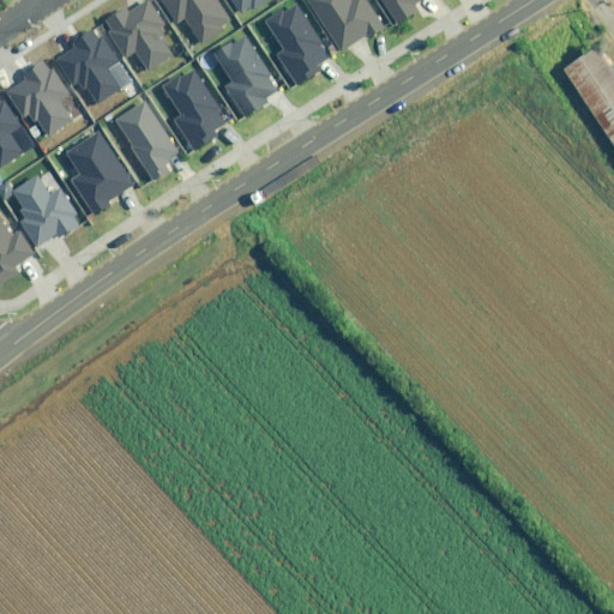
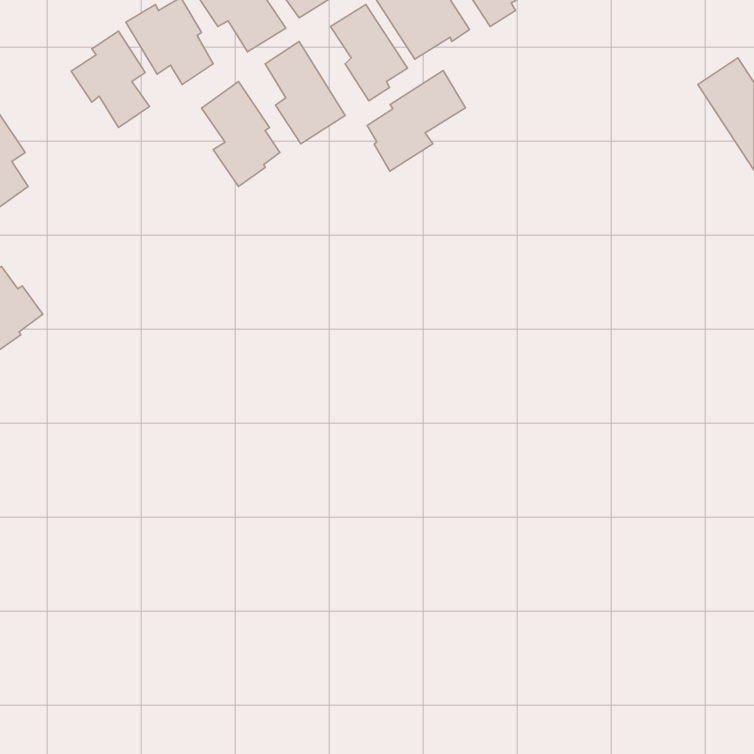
building: none -> [367,71,465,171]
building: [5,58,71,134] -> none
building: [114,100,177,179] -> none
building: [66,131,130,209] -> none
building: [12,175,78,247] -> none

